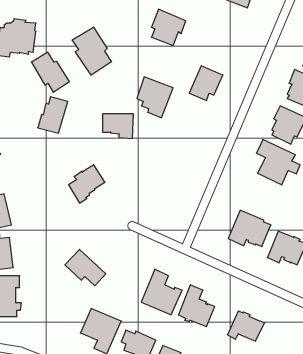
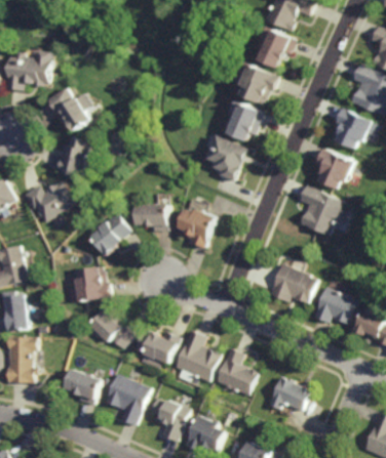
building: none -> [258,32,296,71]
building: [151,9,186,45] -> [240,66,279,107]
building: [72,27,111,75] -> none
building: [137,77,173,118] -> [207,135,248,181]
building: [103,114,133,138] -> [132,203,167,231]
building: none -> [21,180,72,222]
building: none -> [176,207,216,247]
building: none -> [64,265,107,306]
building: none -> [131,329,177,369]
building: none -> [62,369,100,405]

